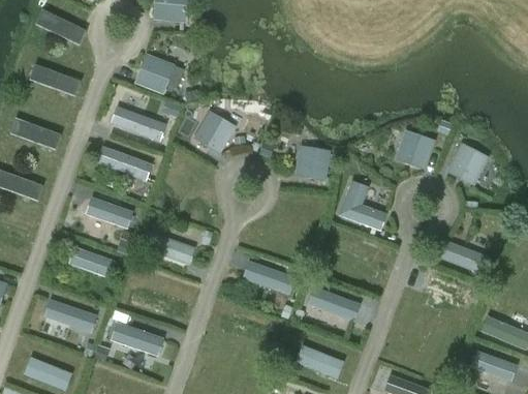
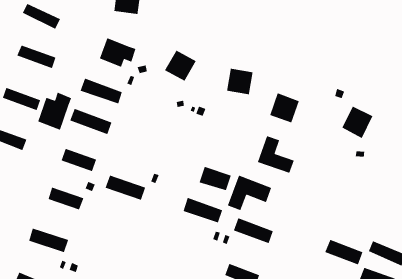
building: [193,111,236,152] -> [164,50,197,82]
building: none -> [37,92,72,131]
building: [395,128,434,169] -> [269,92,300,123]
building: [294,145,330,180] -> [226,68,254,95]
building: none -> [198,166,232,191]
building: none -> [227,174,272,211]
building: [438,240,489,274] -> [324,239,363,265]
building: [110,322,163,356] -> none

